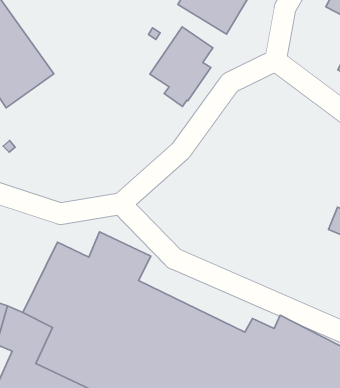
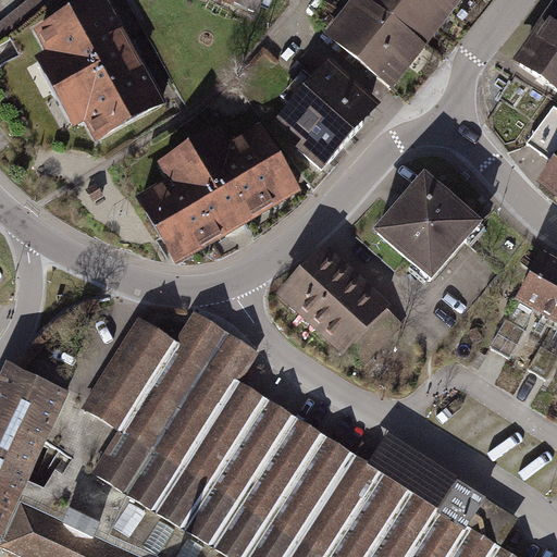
building: none -> [141,128,293,256]
building: none -> [376,175,482,281]
building: none -> [281,246,387,352]

